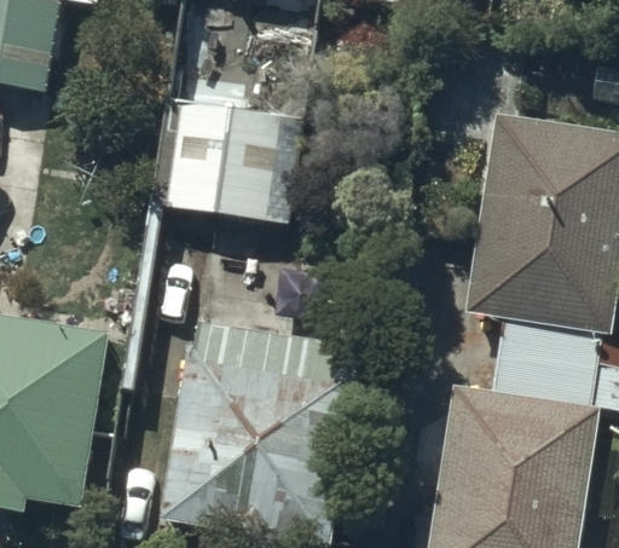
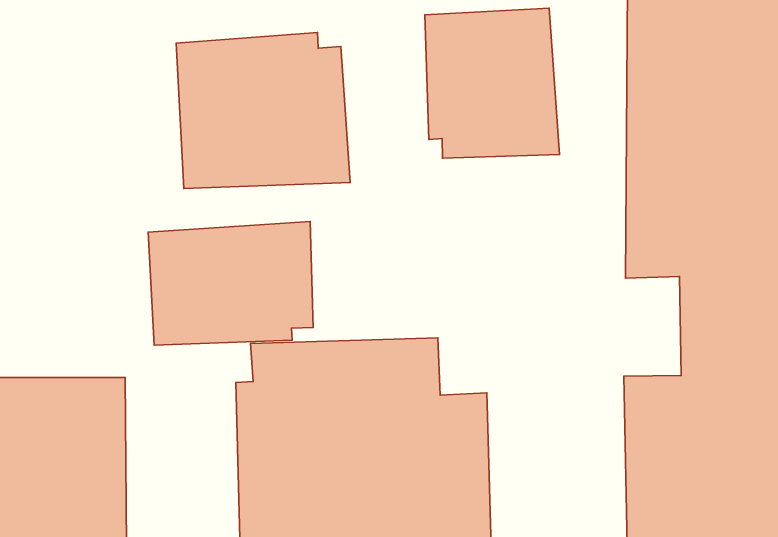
building: none -> [425,8,559,158]
building: none -> [148,222,313,345]

